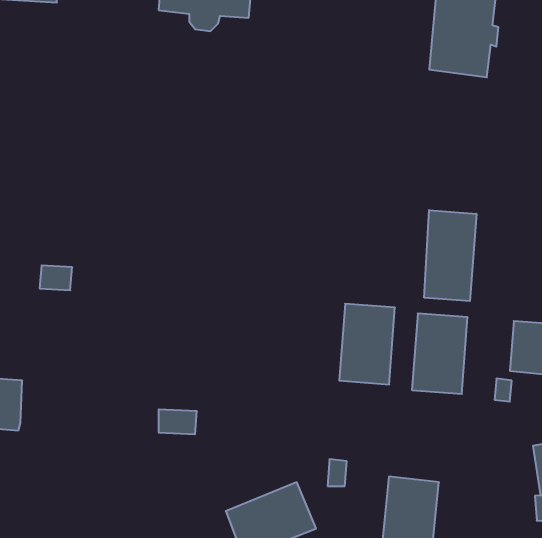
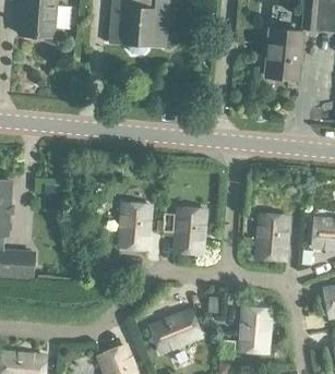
building: [424,210,476,301] -> none
building: none -> [119,202,151,248]
building: [339,304,395,384] -> [174,206,205,252]

